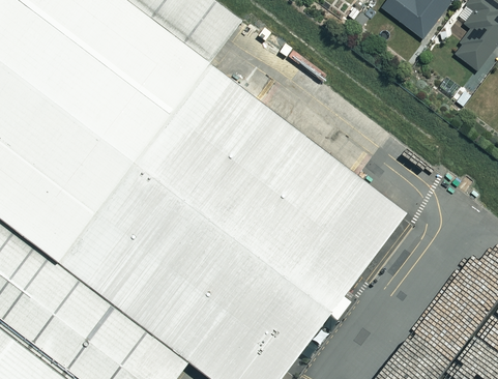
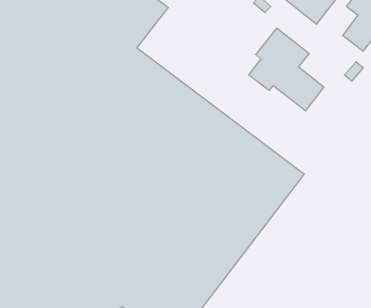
building: none -> [249,28,324,111]

